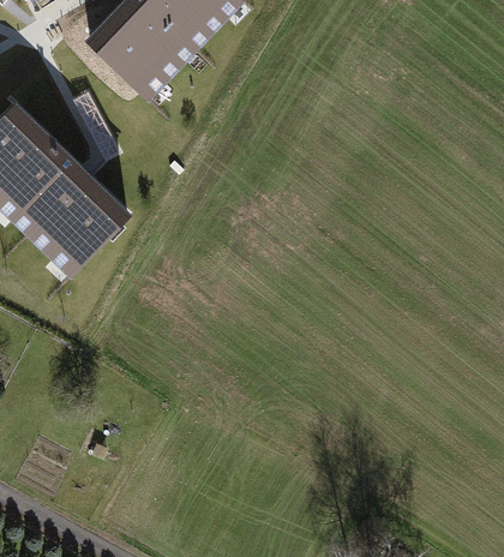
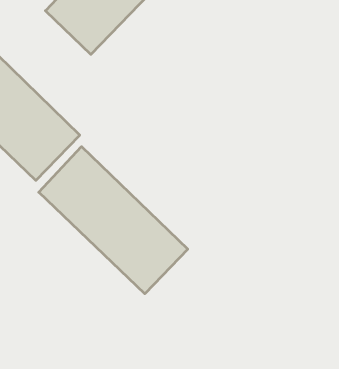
building: none -> [39,147,188,294]

